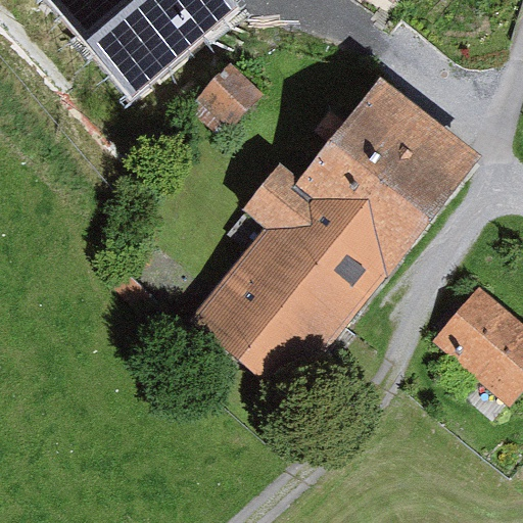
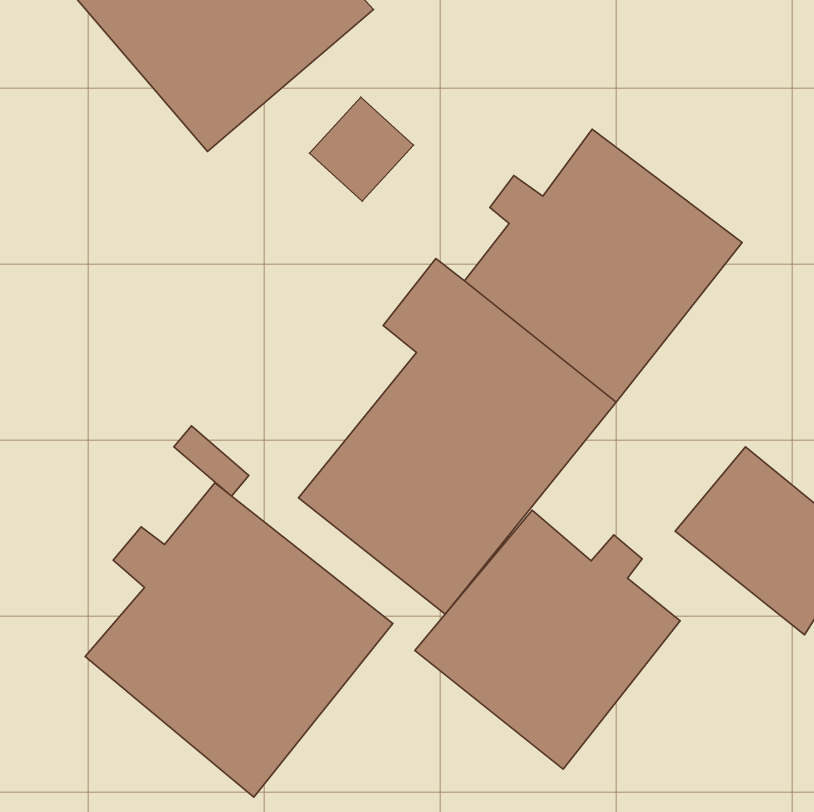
building: none -> [85,483,393,797]
building: none -> [415,510,680,769]

